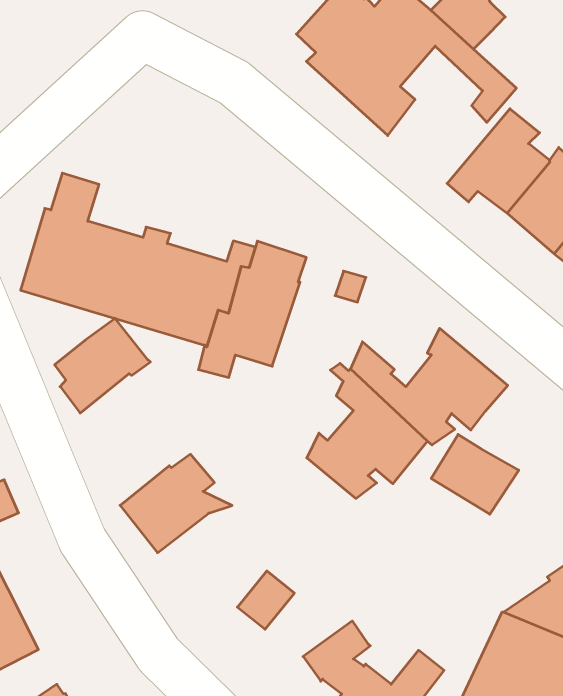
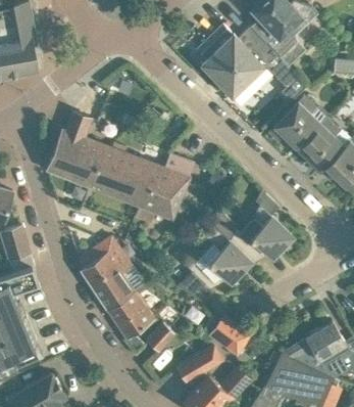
building: [55,318,150,413] -> [79,237,128,284]
building: [431,434,519,514] -> [208,314,253,356]
building: none -> [107,291,155,340]

